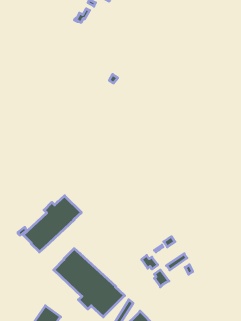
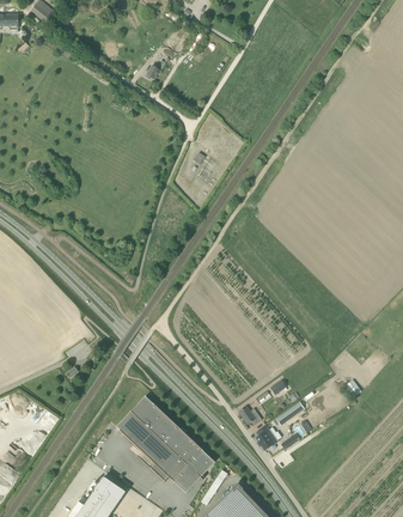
building: [23,196,81,252] -> none

